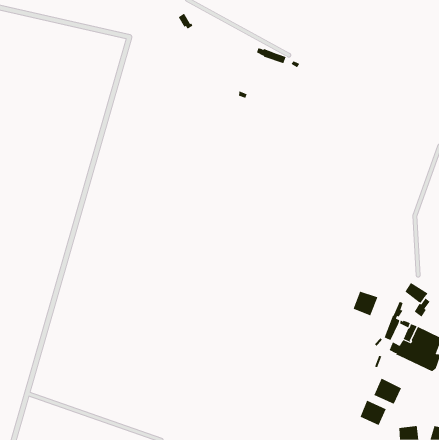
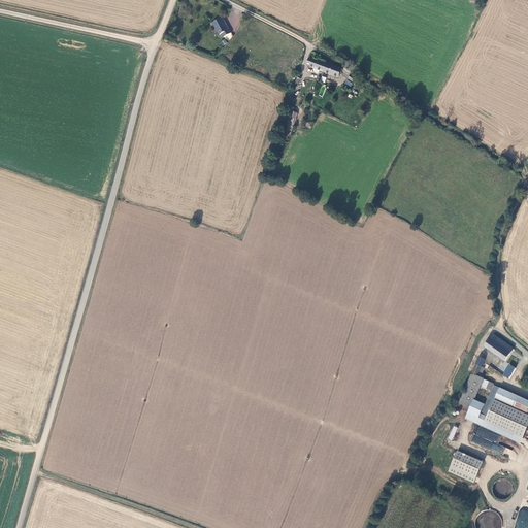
building: [353,291,378,316] -> none
building: [360,400,387,426] -> none

